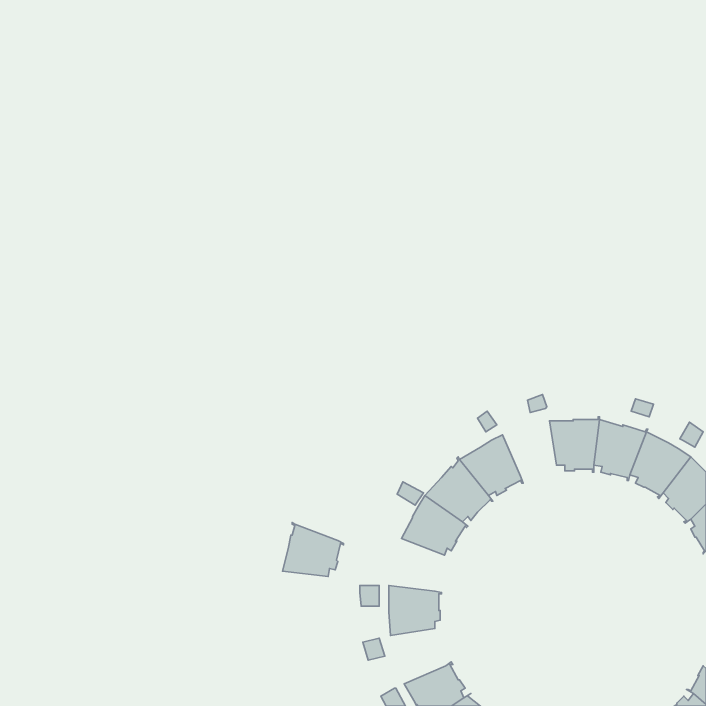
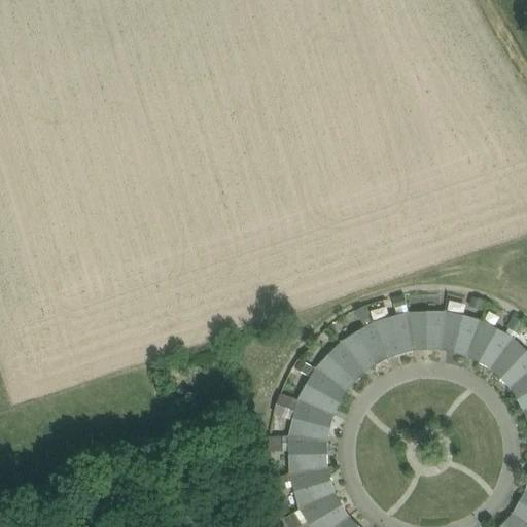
building: none -> [374,311,415,356]
building: [282,523,343,577] -> [289,399,335,440]
building: none -> [290,467,332,508]

